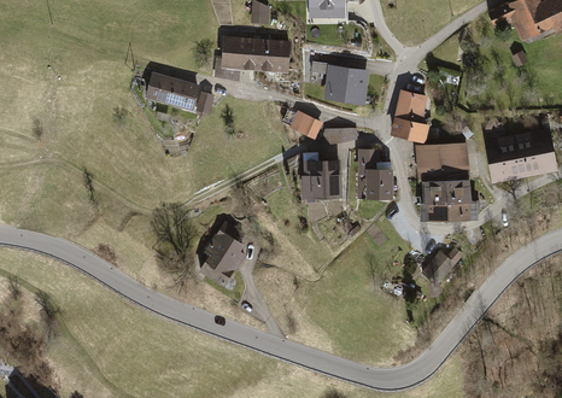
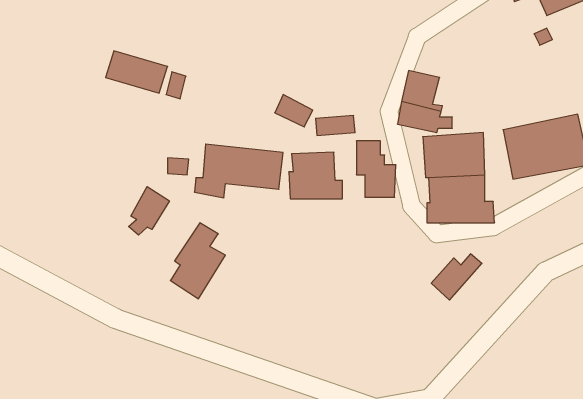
building: [213,35,289,81] -> [194,144,283,198]
building: [324,63,371,105] -> none
building: none -> [129,187,169,235]

